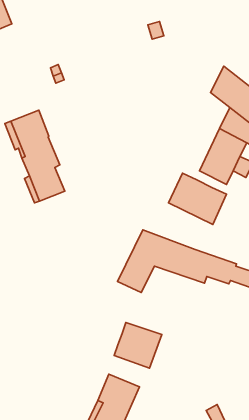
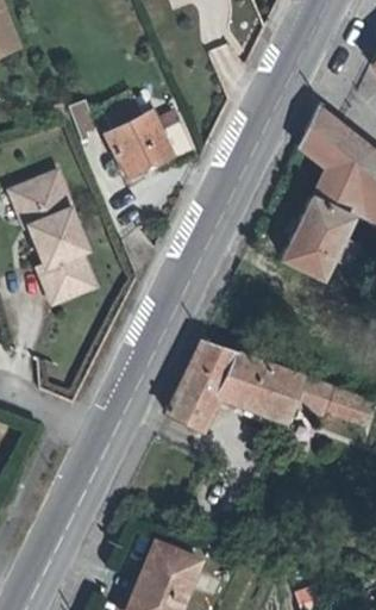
building: none -> [105,112,193,175]
building: [168,173,226,225] -> none
building: [114,323,162,368] -> none

